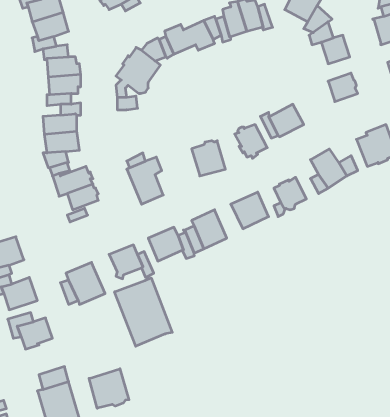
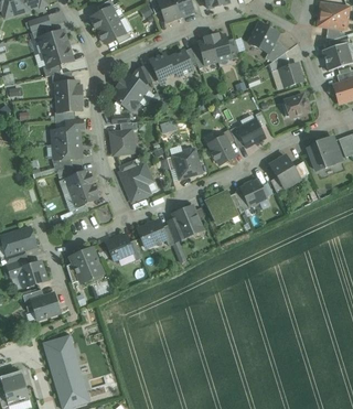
building: none -> [110,129,135,154]
building: [115,278,172,346] -> none
building: [89,369,129,408] -> none

